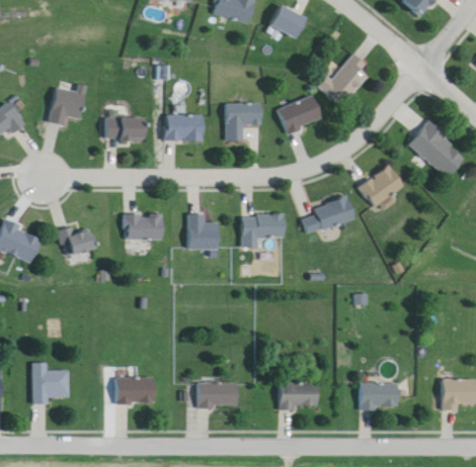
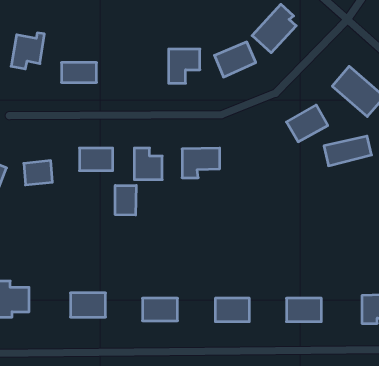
building: [164,114,204,141] -> none
building: [301,199,354,232] -> [324,136,372,166]
building: none -> [115,185,136,215]

